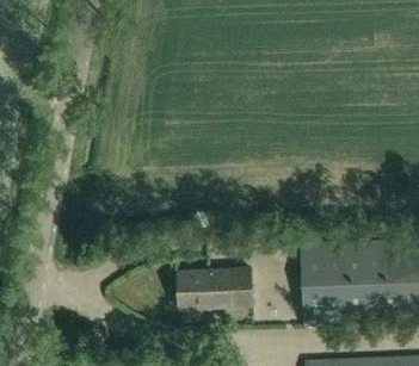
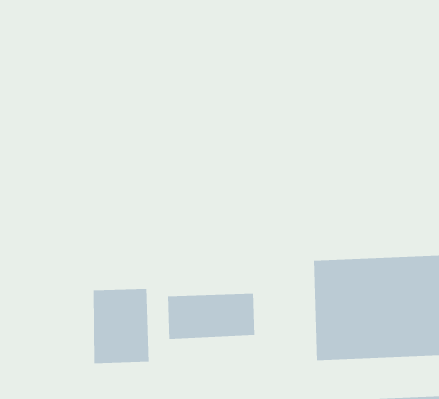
building: none -> [93,288,149,364]

